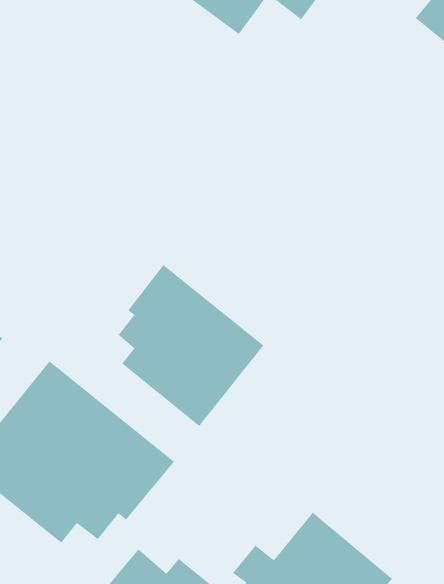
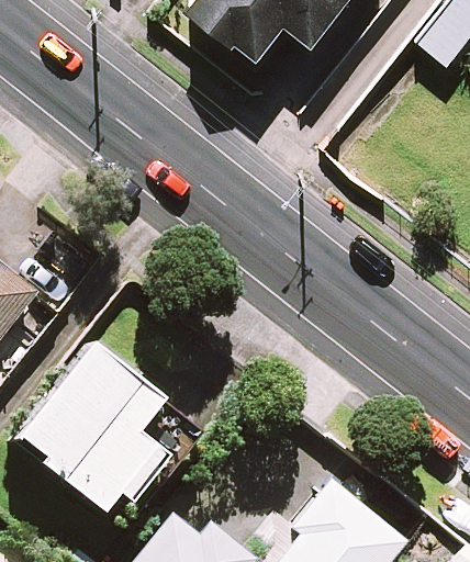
building: [118,264,264,427] -> none

